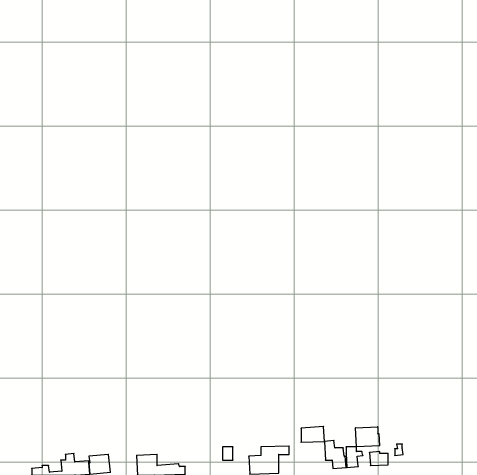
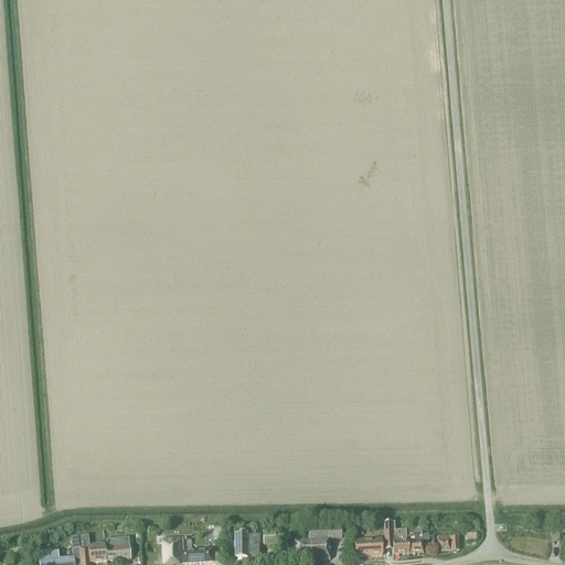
building: [301,426,325,442] -> [355,536,383,555]
building: [356,427,380,447] -> none
building: none -> [235,527,262,556]

